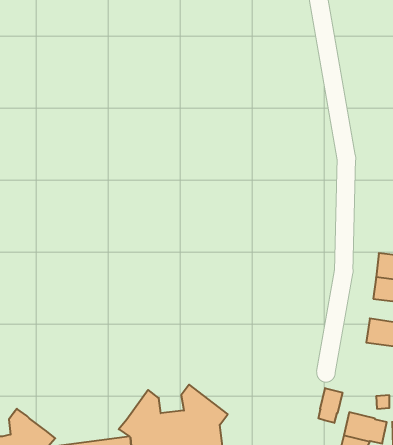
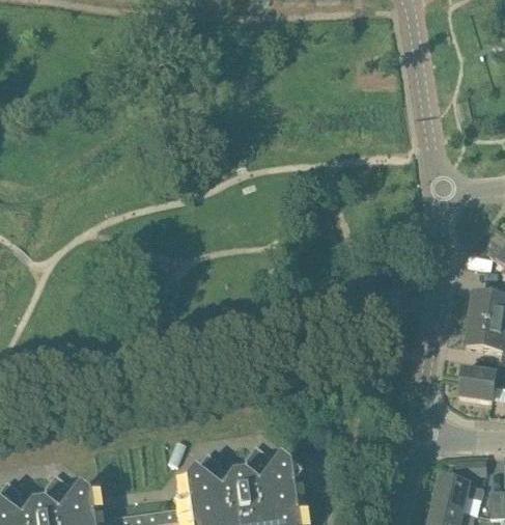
building: [318,388,342,423] -> none

